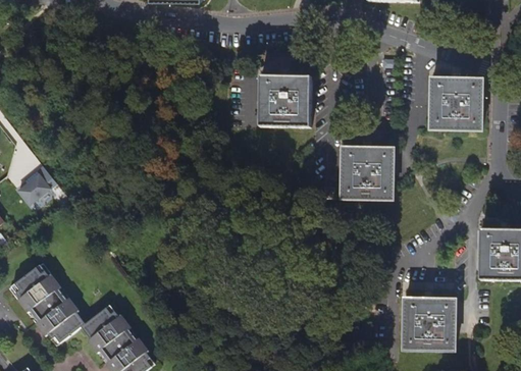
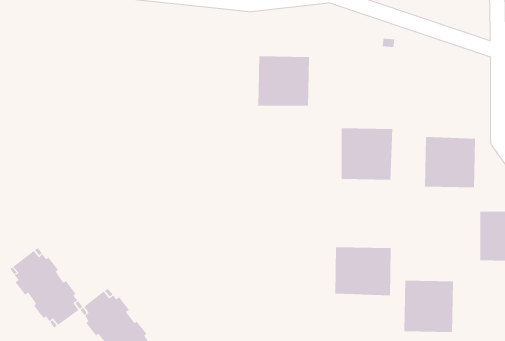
building: [429,77,480,128] -> [424,136,476,188]
building: [18,173,51,204] -> none
building: none -> [335,246,391,296]

